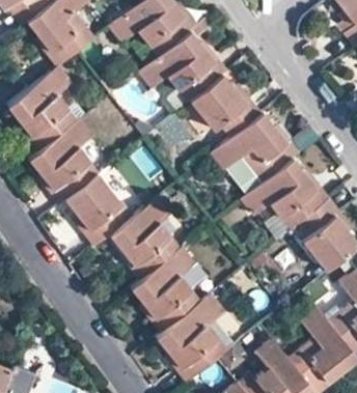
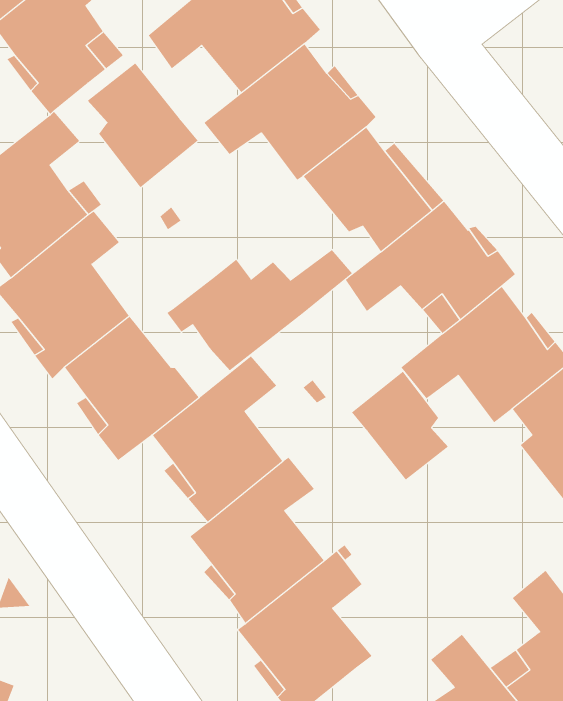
building: none -> [87,62,199,188]
building: none -> [167,249,353,371]
building: none -> [351,371,449,480]

